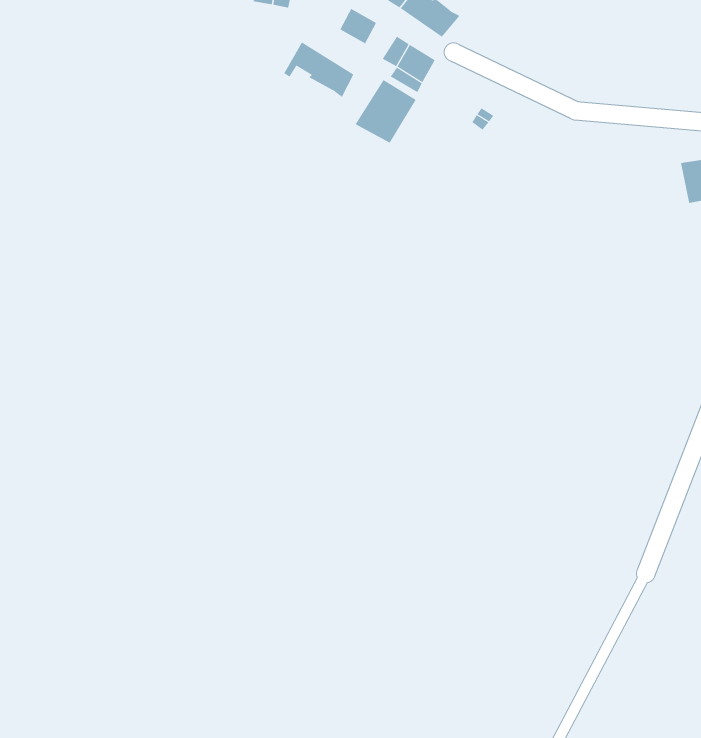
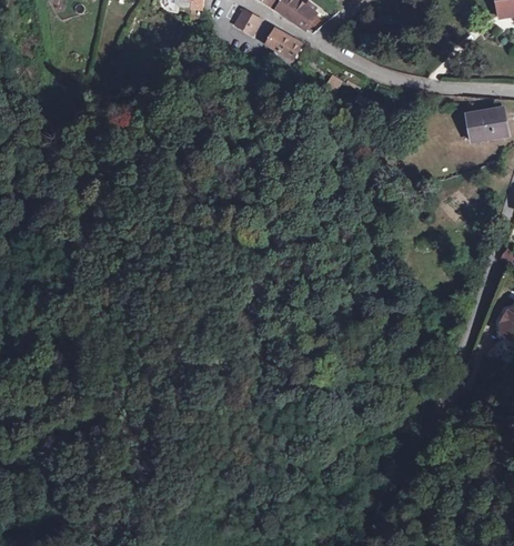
building: [284,41,354,97] -> none
building: [355,79,416,144] -> none

